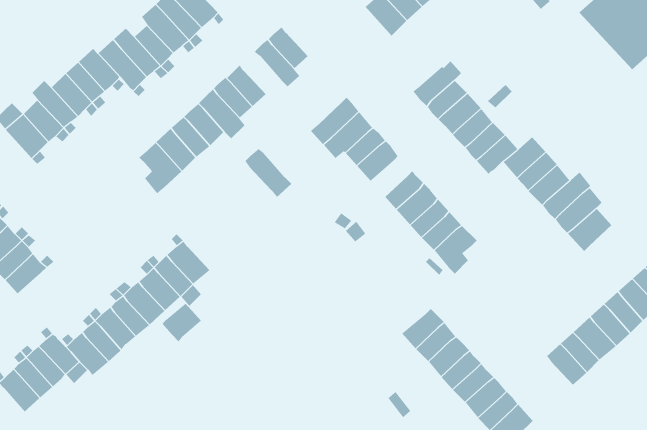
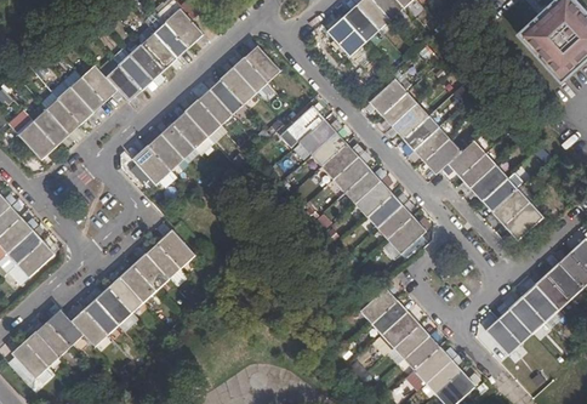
building: [244,149,292,198] -> [220,68,261,110]
building: none -> [332,158,369,193]
building: [162,303,202,342] -> none

